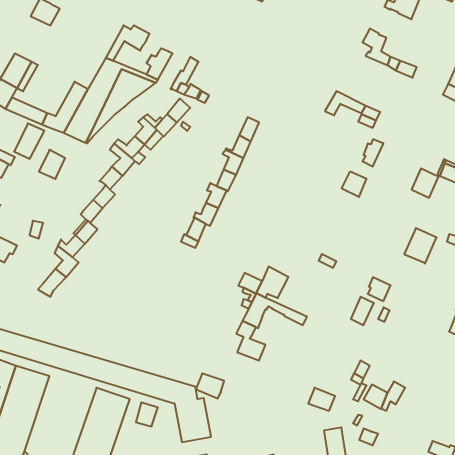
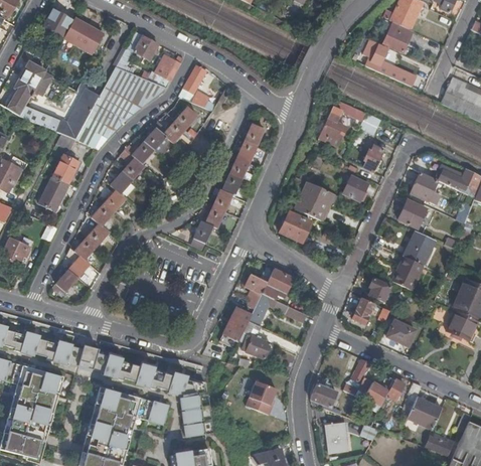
building: none -> [62,16,103,53]
building: none -> [380,17,413,51]
building: none -> [319,118,346,145]
building: [14,123,44,159] -> [38,176,67,210]
building: none -> [295,182,333,220]
building: none -> [398,199,426,227]
building: none -> [280,211,311,242]
building: none -> [392,256,423,290]
building: none -> [222,307,251,341]
building: none -> [386,320,415,346]
building: [196,373,224,399] -> [247,383,274,408]
building: none -> [407,397,442,430]

